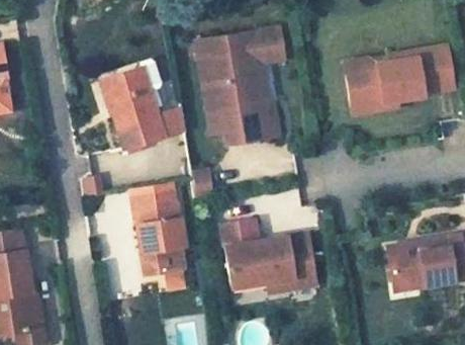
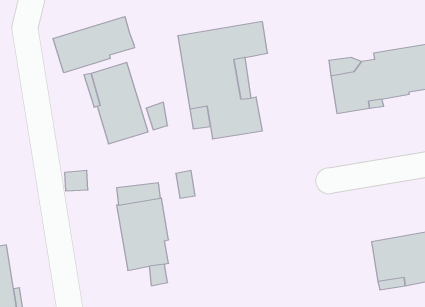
building: none -> [53,16,134,73]
building: [221,223,315,296] -> none

